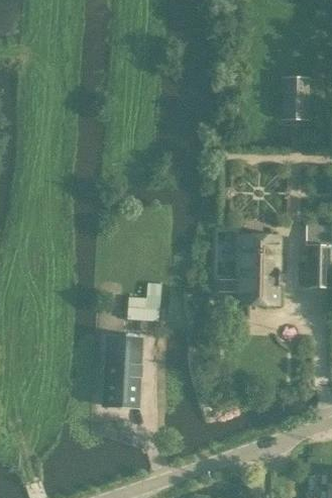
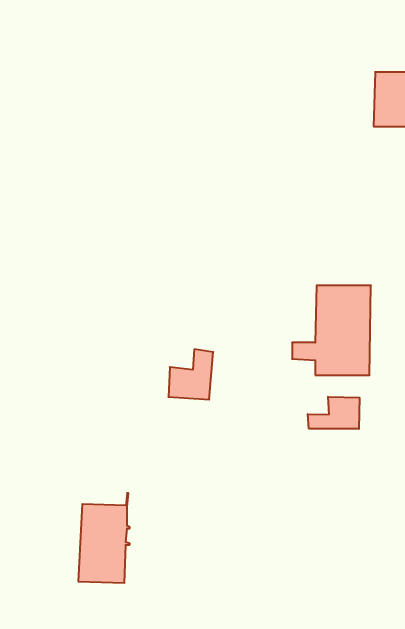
building: none -> [308,397,359,429]
building: [105,339,143,406] -> [78,493,130,583]

